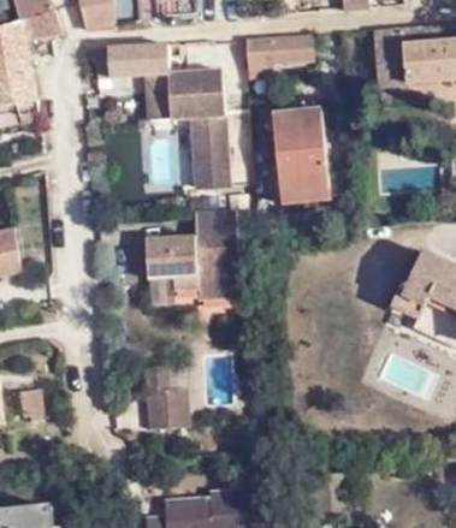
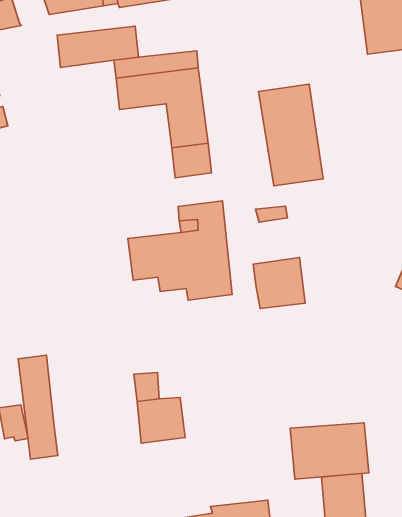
building: [243,35,312,83] -> none
building: none -> [253,257,305,308]
building: none -> [18,355,58,459]
building: none -> [290,423,369,479]

